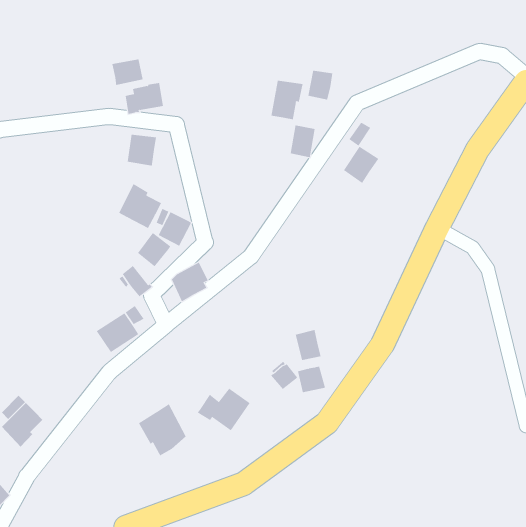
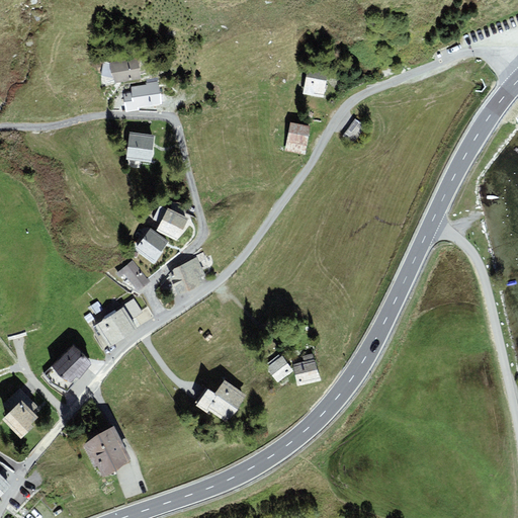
building: [271,80,303,120] -> none
building: [343,146,379,184] -> none
building: [119,183,162,229] -> none
building: [295,329,321,361] -> none
building: none -> [52,345,91,383]
building: [138,404,187,456] -> [82,426,130,478]

